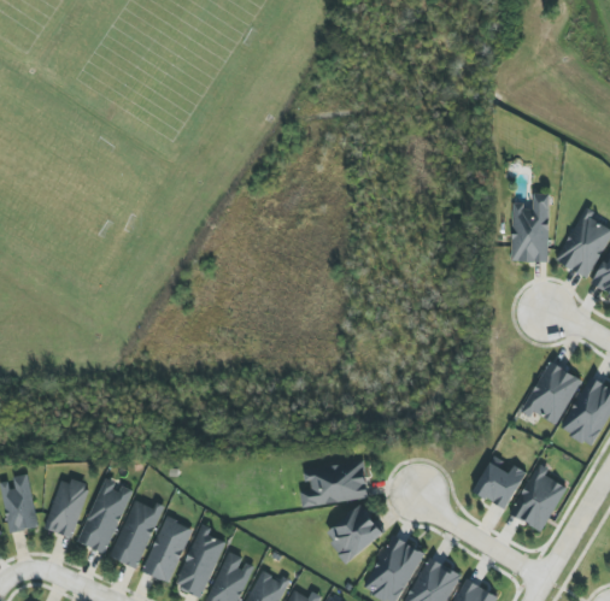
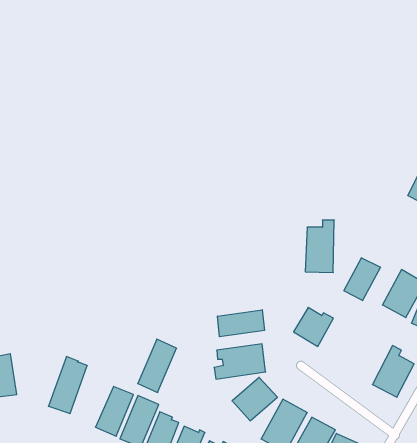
building: [511,194,550,264] -> [305,220,334,273]
building: none -> [344,258,380,301]
building: none -> [218,310,264,337]
building: [474,459,527,511] -> [294,307,333,346]
building: [45,478,90,538] -> none
building: [111,499,163,570] -> [138,339,177,393]

